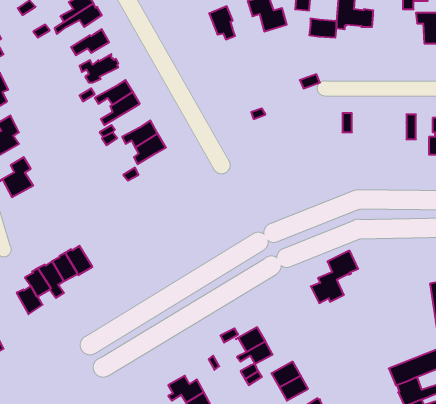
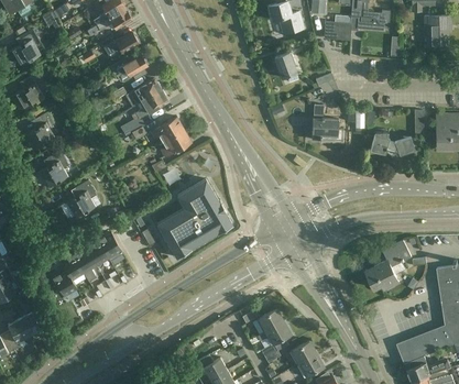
building: [209,6,235,39] -> [274,52,298,83]
building: none -> [312,105,343,141]
building: none -> [374,132,411,155]
building: none -> [157,179,232,259]
building: none -> [62,182,96,218]
building: [311,251,358,303] -> [368,241,412,289]

